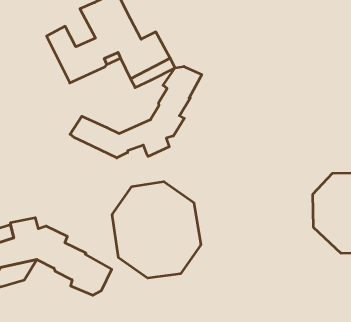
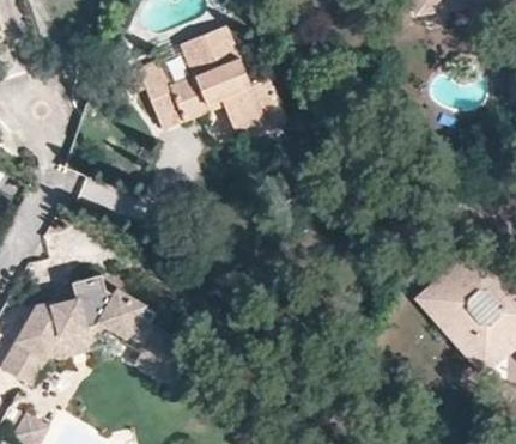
building: [70,66,202,158] -> none
building: [112,182,201,278] -> none

